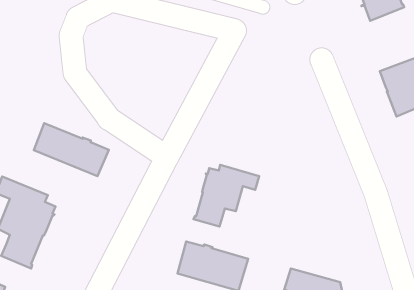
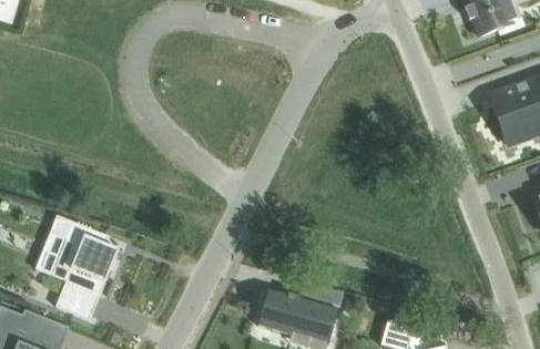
building: [34,123,109,176] -> none
building: [194,165,259,226] -> none

